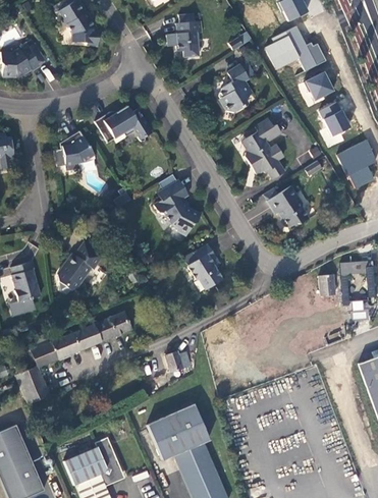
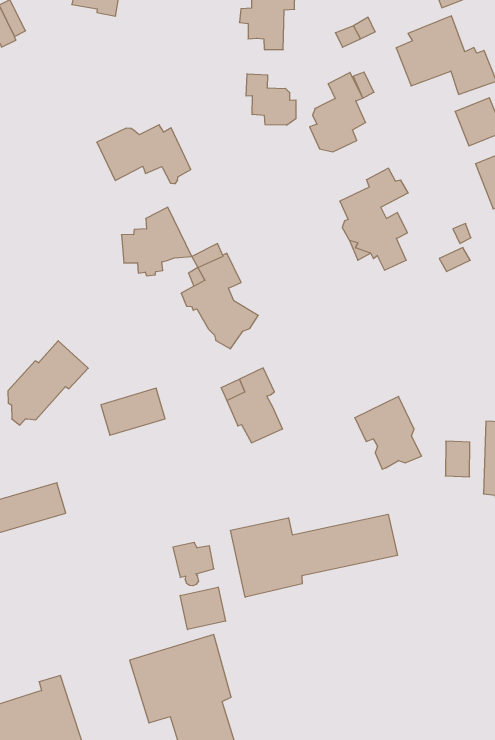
building: none -> [246,74,296,125]
building: [54,130,97,172] -> [121,207,192,276]
building: [267,184,309,228] -> [355,396,422,469]
building: [93,311,131,341] -> [101,388,165,435]
building: none -> [231,514,398,597]
building: none -> [180,587,226,630]

